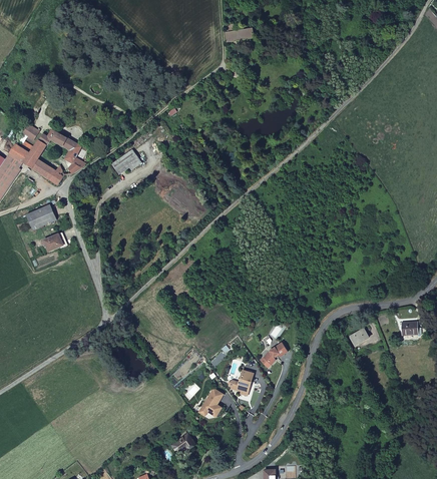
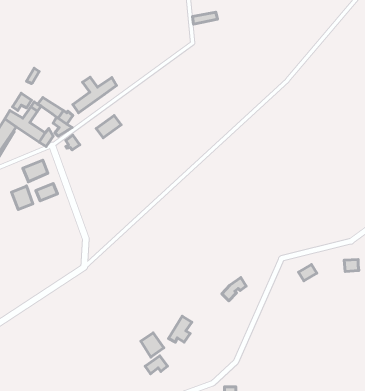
building: none -> [73,77,117,113]
building: none -> [11,186,33,209]
building: [228,367,255,394] -> none
building: none -> [141,333,164,357]

